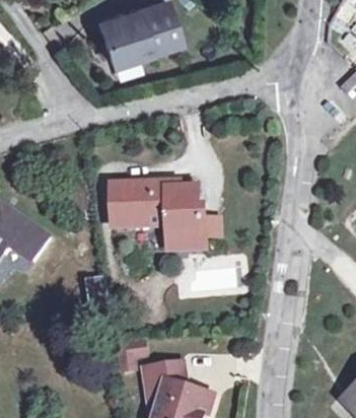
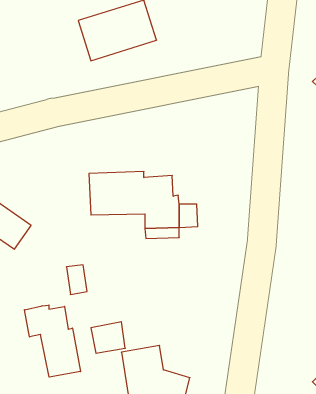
building: none -> [24,305,81,377]

